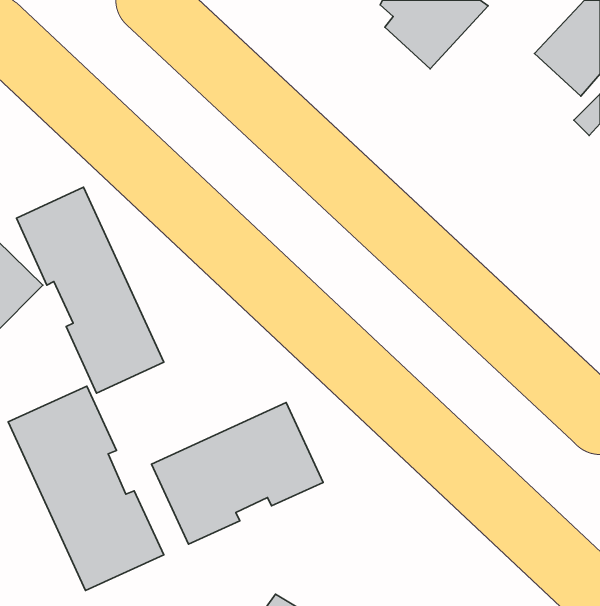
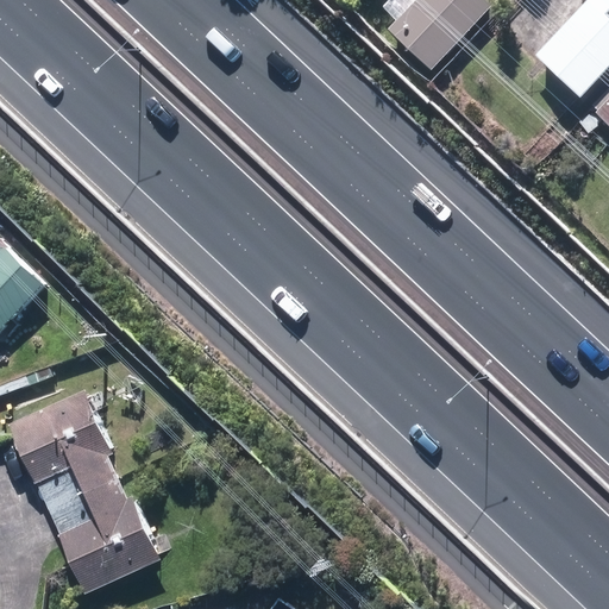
building: [16,187,164,393] -> none
building: [152,402,323,544] -> none

